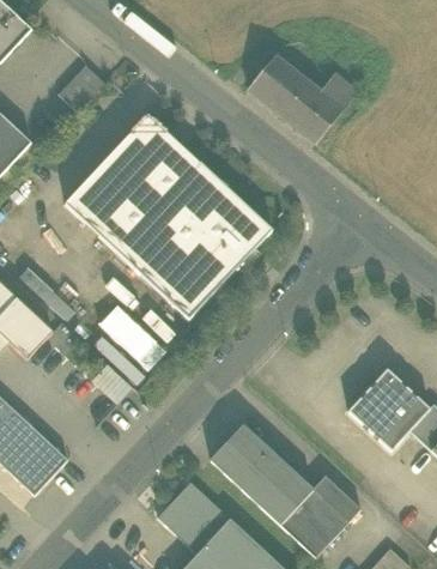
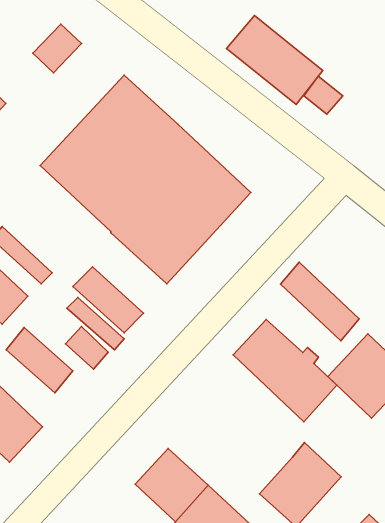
building: [318,73,357,110] -> [304,76,343,114]
building: none -> [281,262,359,341]
building: none -> [6,327,73,393]
building: [210,425,311,526] -> [233,319,337,422]

